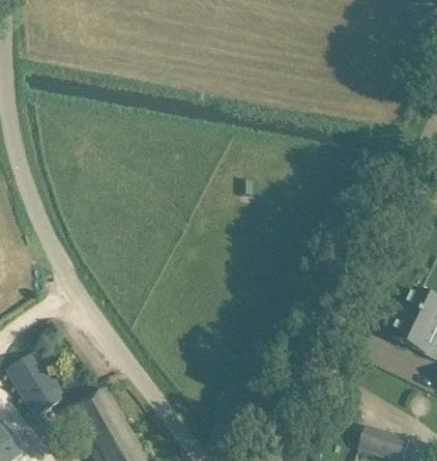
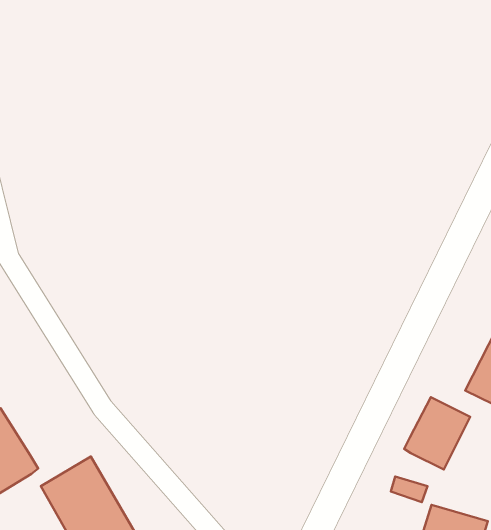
building: none -> [404,397,470,469]

